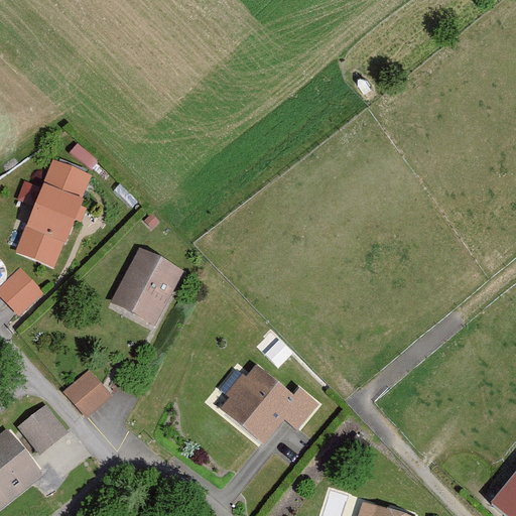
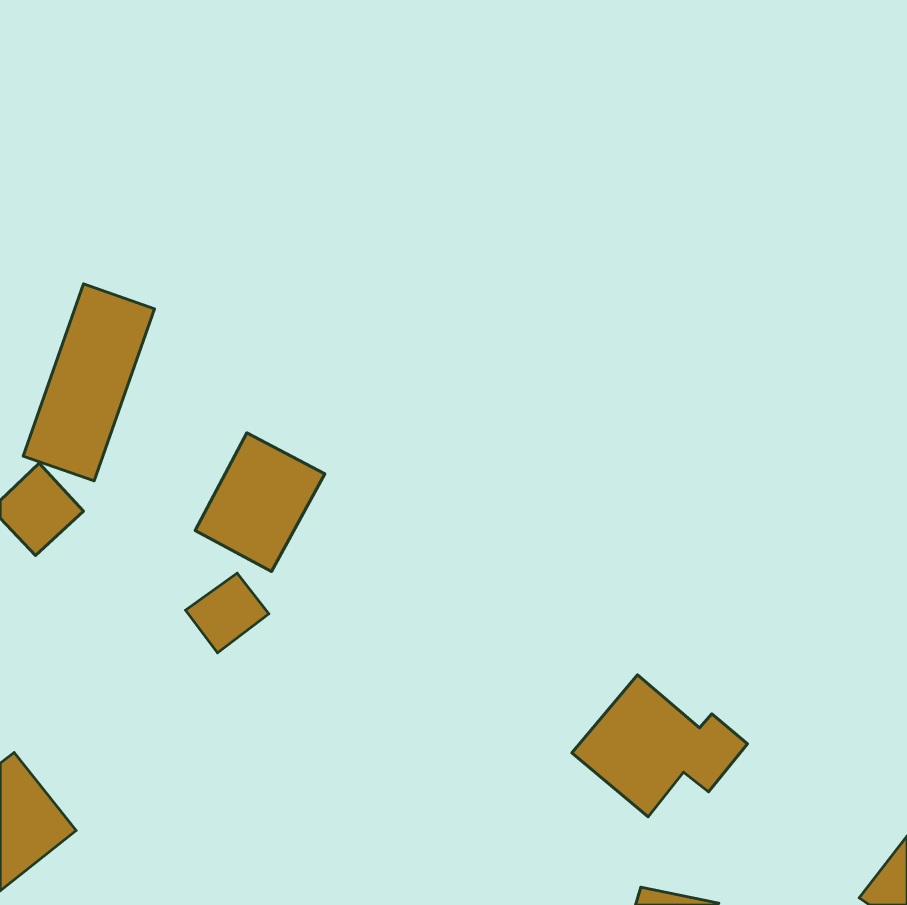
building: [221,364,320,444] -> [572,675,747,817]
building: [60,375,108,420] -> [186,573,269,653]
building: [18,403,69,454] -> none

